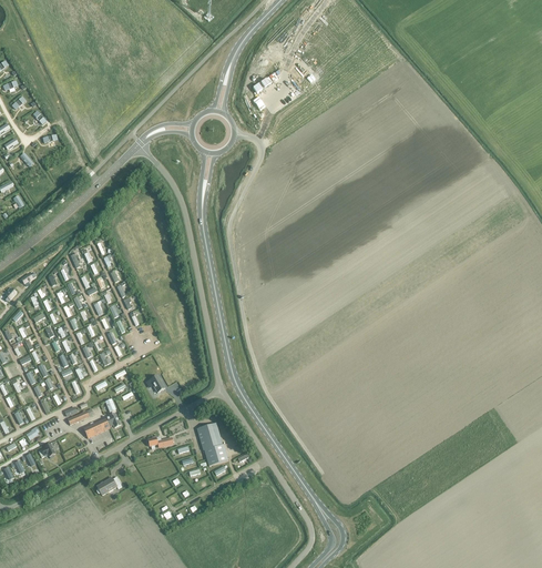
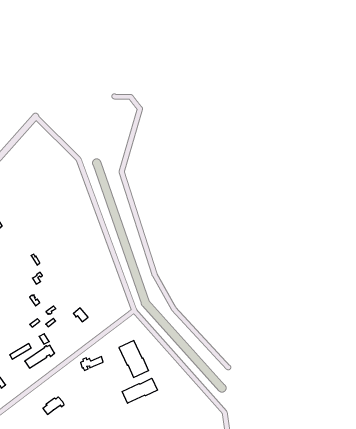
building: none -> [122,378,157,403]

